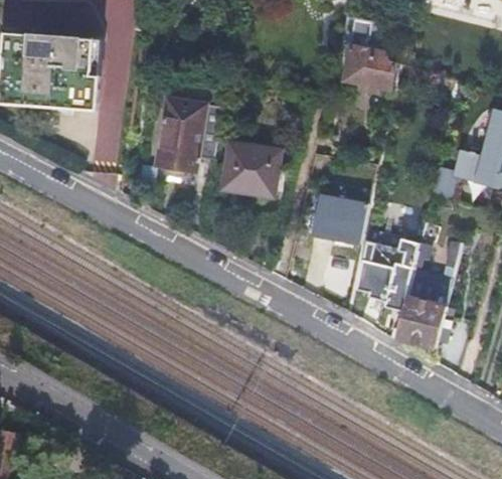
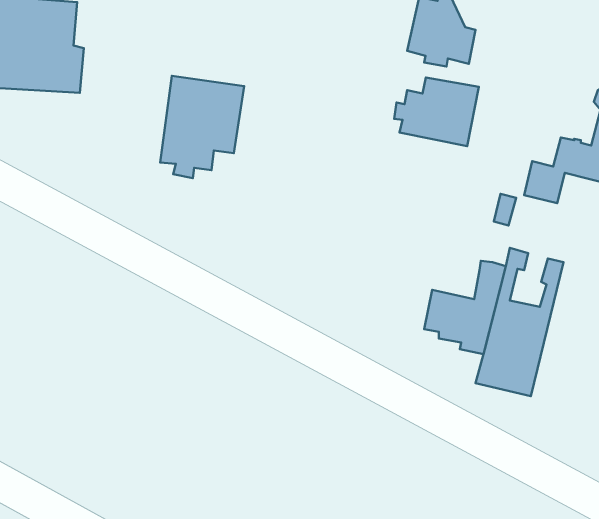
building: none -> [394,77,479,146]
building: [218,140,279,195] -> none
building: [311,196,366,246] -> none

